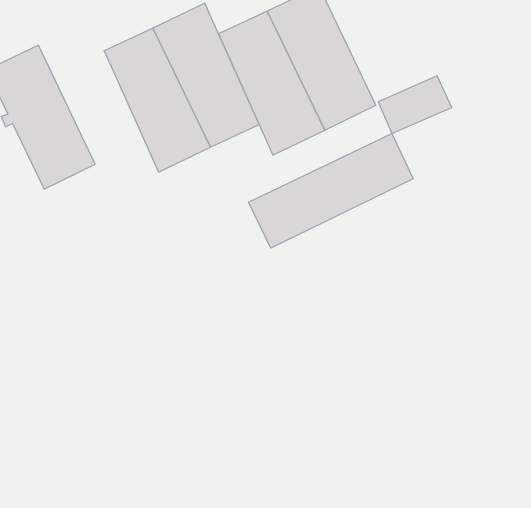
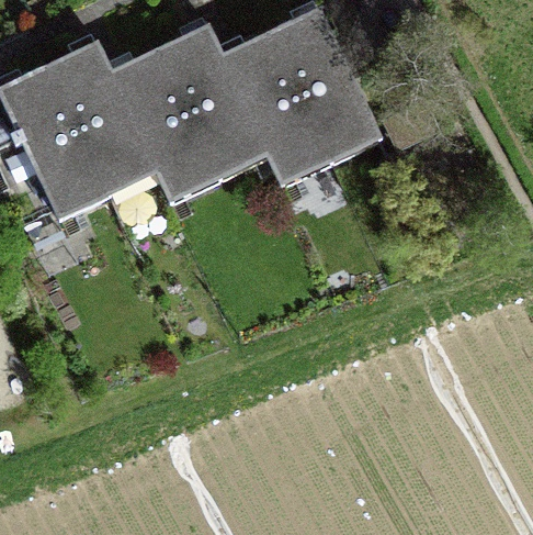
building: none -> [52,47,155,187]
building: [248,134,413,248] -> none

